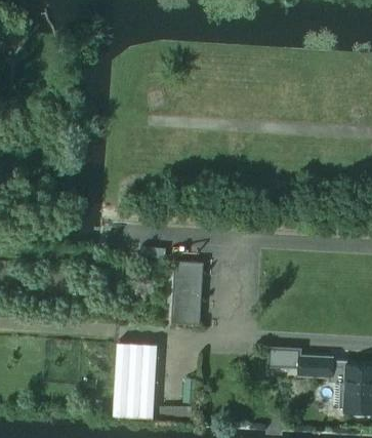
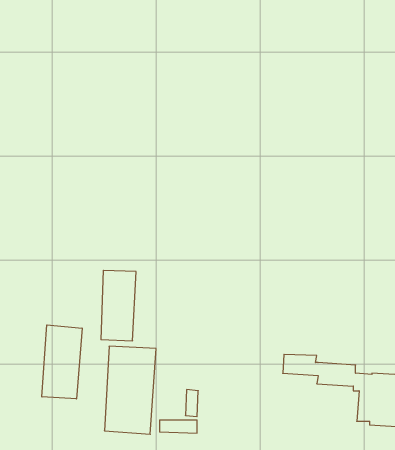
building: [171,262,202,323] -> [101,270,136,341]
building: none -> [42,325,82,399]

